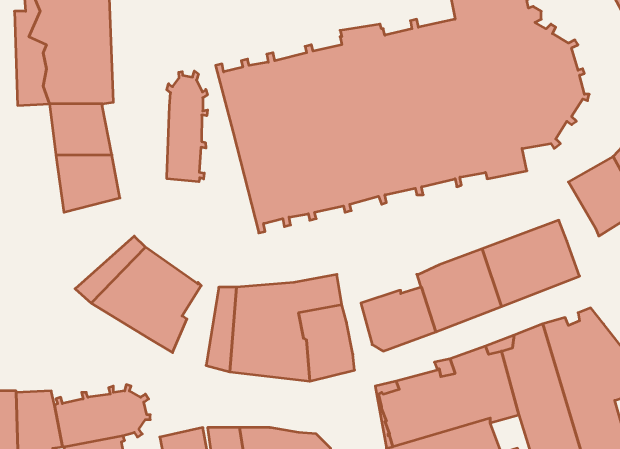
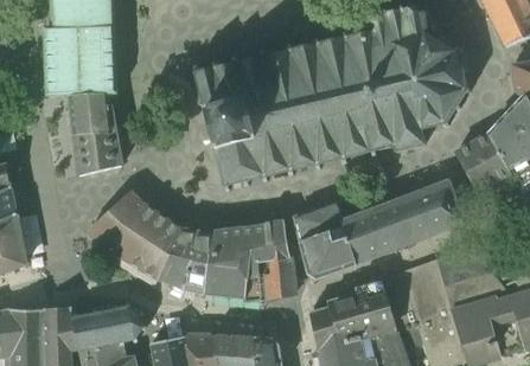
building: [167,71,208,182] -> none
building: none -> [295,201,346,242]
building: none -> [161,229,196,288]

